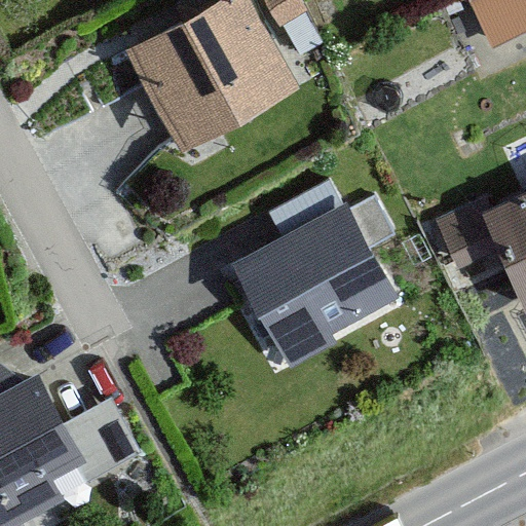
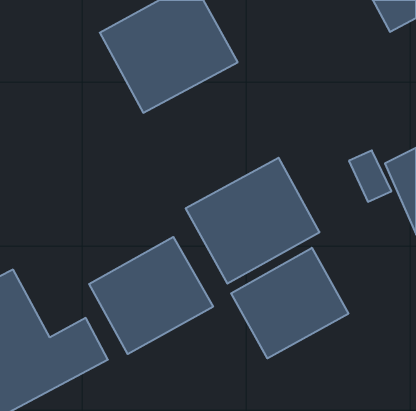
building: none -> [89,237,213,354]
building: none -> [231,248,348,358]

